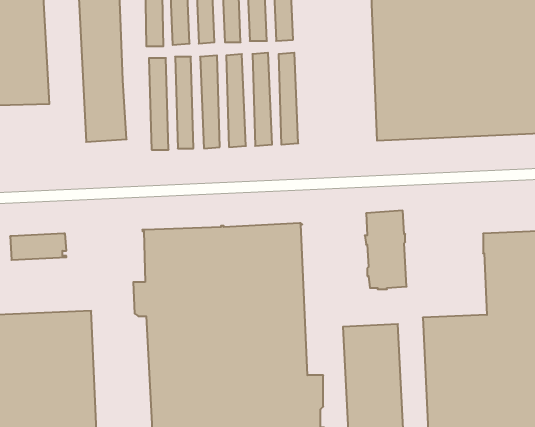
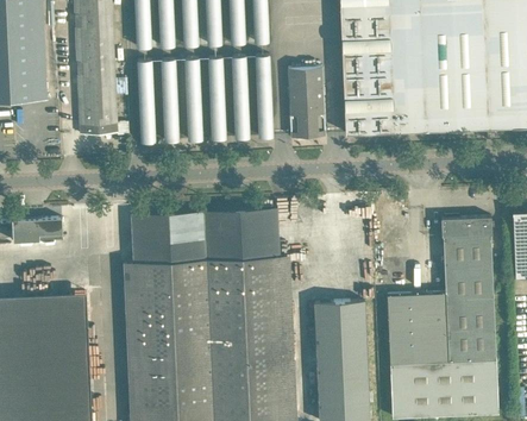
building: [365,211,407,289] -> [287,67,325,138]

